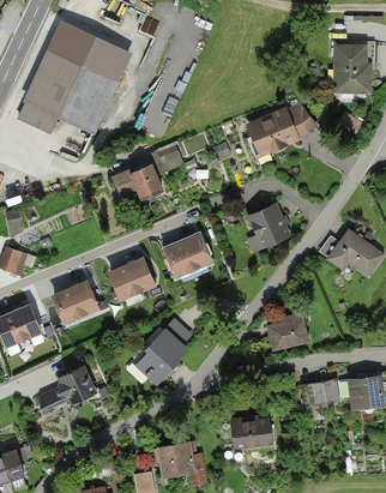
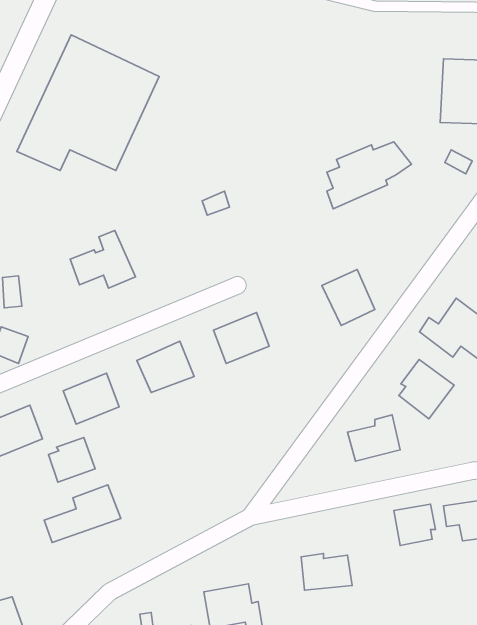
building: [113,155,162,198] -> [70,231,136,288]
building: none -> [399,359,454,419]
building: [139,327,186,383] -> none
building: none -> [49,438,95,482]

